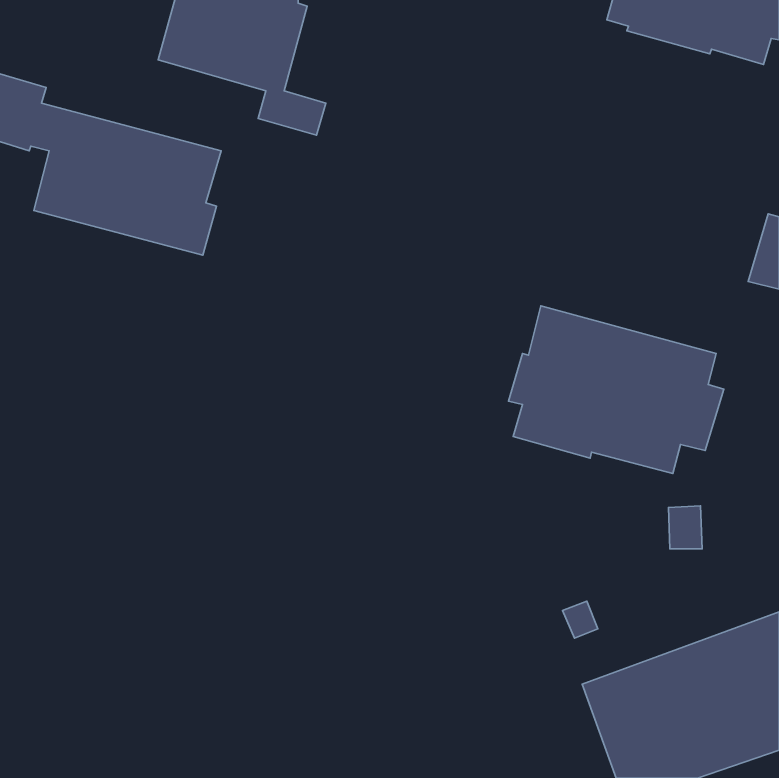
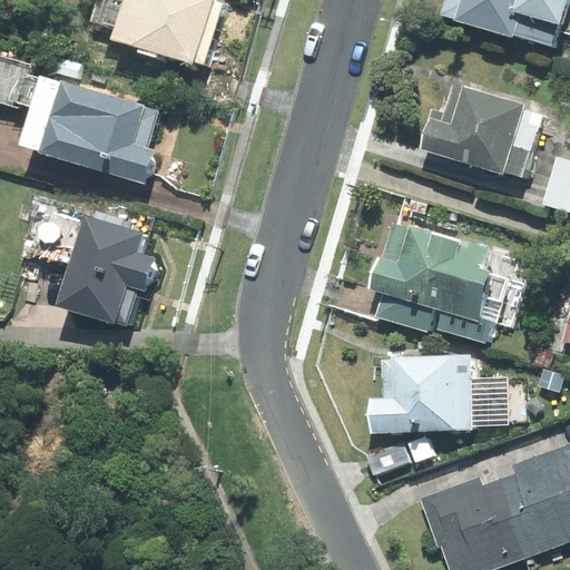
building: none -> [422,83,544,179]
building: none -> [60,217,158,327]
building: none -> [371,354,473,433]

